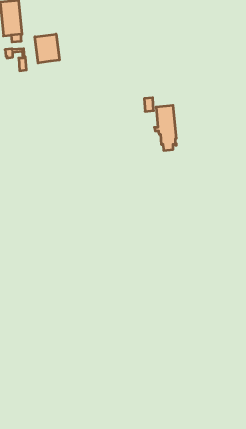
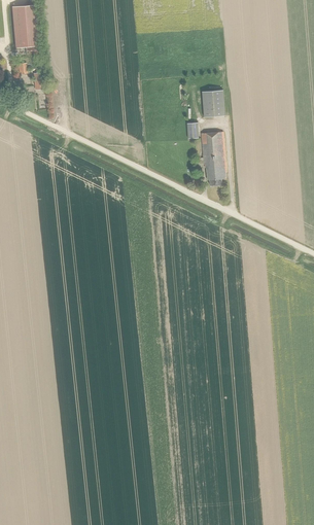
building: [35,34,59,63] -> none
building: none -> [202,89,224,116]

